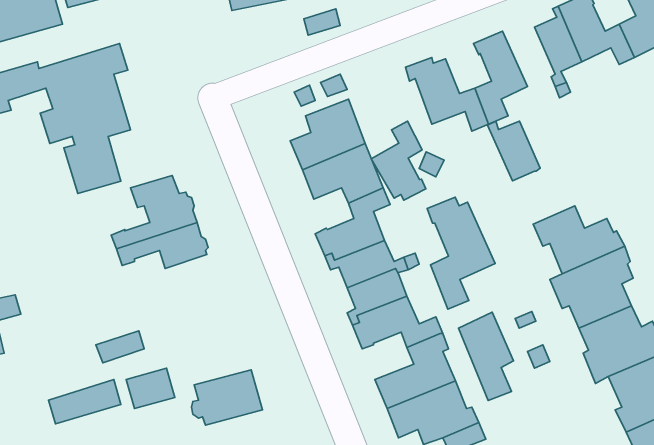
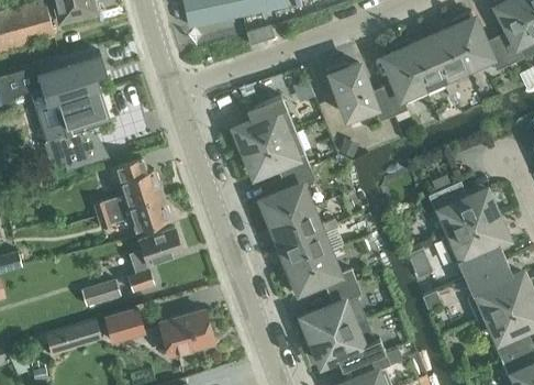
building: [487,121,540,181] -> [403,40,445,87]
building: [371,121,426,200] -> none
building: [427,197,495,309] -> none
building: none -> [127,229,182,292]
building: [458,312,513,401] -> none

